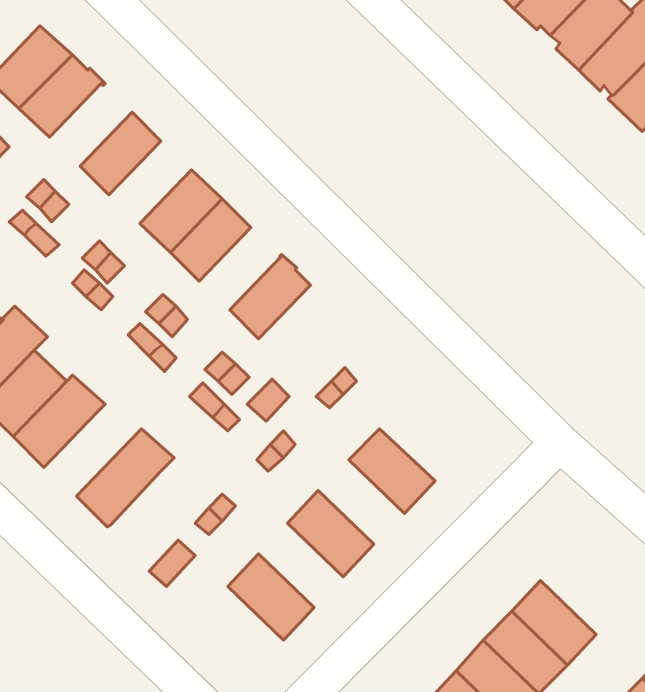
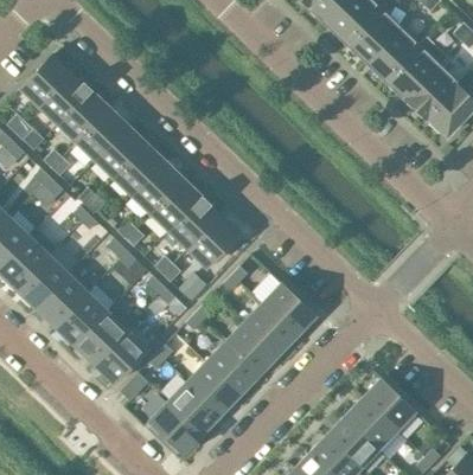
building: none -> [58,90,109,141]
building: none -> [95,126,146,176]
building: none -> [151,179,202,230]
building: none -> [187,214,239,267]
building: none -> [262,283,315,335]
building: none -> [55,293,108,345]
building: none -> [224,322,277,374]
building: none -> [95,329,147,384]
building: none -> [187,361,239,413]
building: none -> [362,378,415,430]
building: none -> [148,400,203,455]

